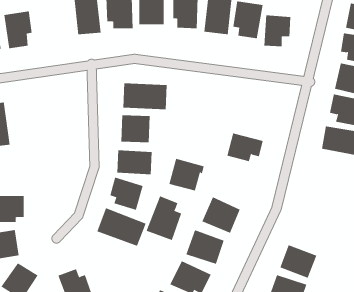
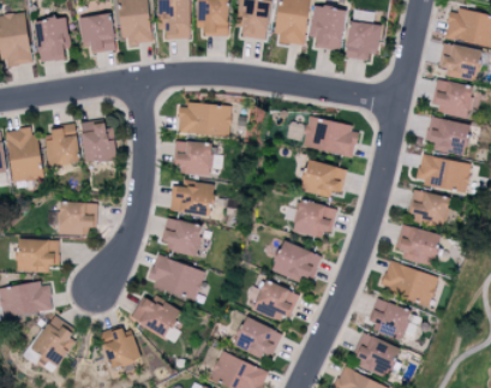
building: none -> [79,13,115,52]
building: none -> [303,117,360,156]
building: none -> [82,120,118,161]
building: none -> [47,127,79,163]
building: none -> [407,189,450,226]
building: [168,158,204,191] -> [293,199,336,239]
building: none -> [59,202,96,234]
building: none -> [395,223,442,267]
building: [146,196,182,241] -> none
building: none -> [381,262,439,305]
building: none -> [131,296,180,338]

